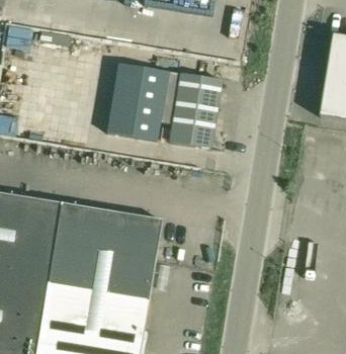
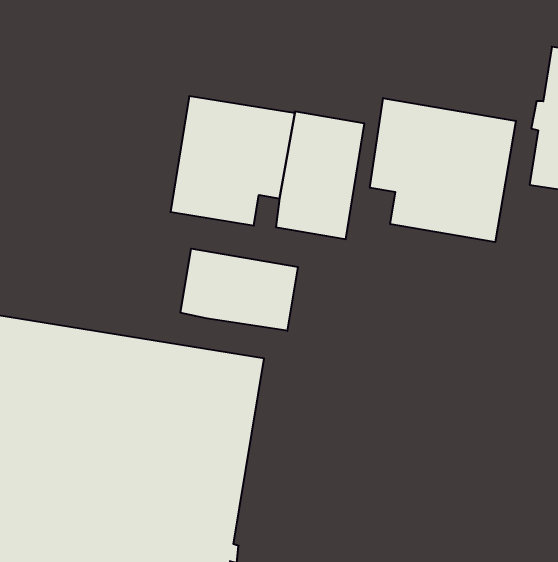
building: none -> [370,98,516,242]
building: none -> [181,249,298,331]

